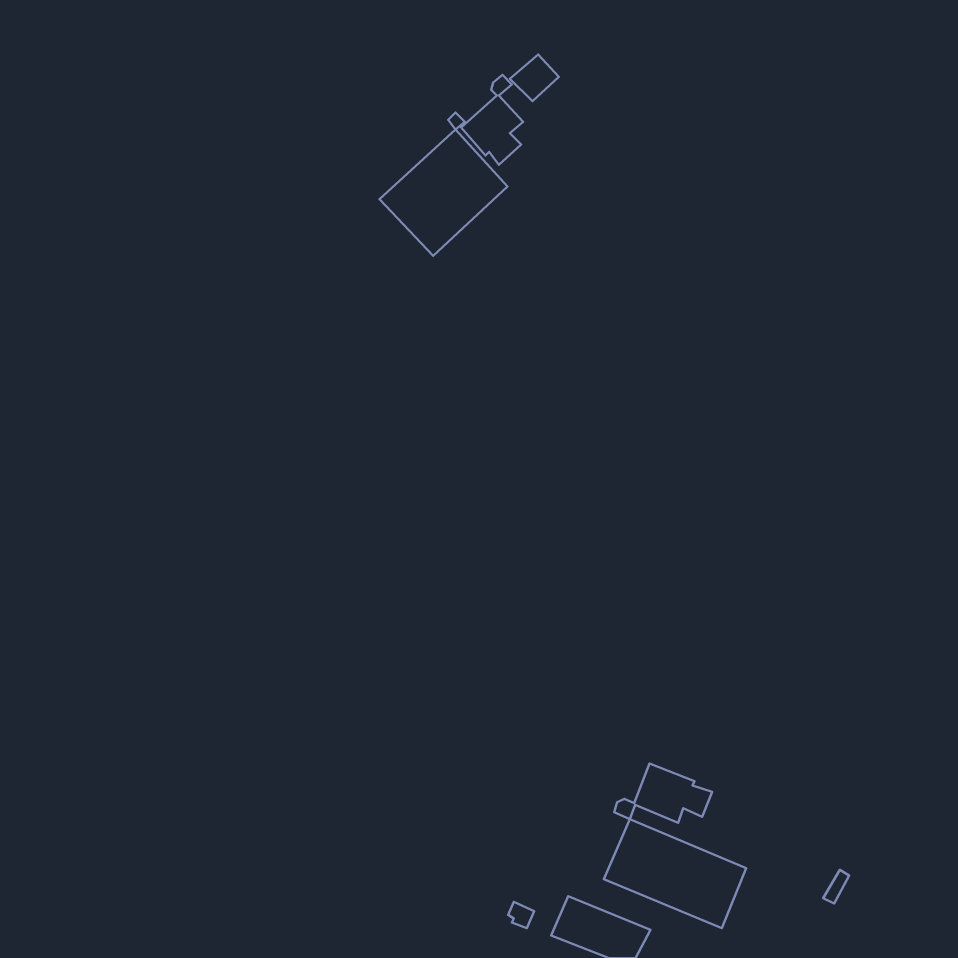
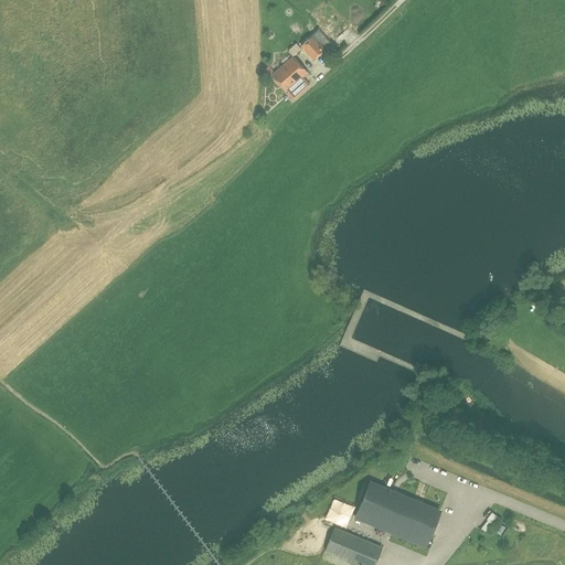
building: [380,129,508,256] -> none
building: [614,764,712,823] -> none

